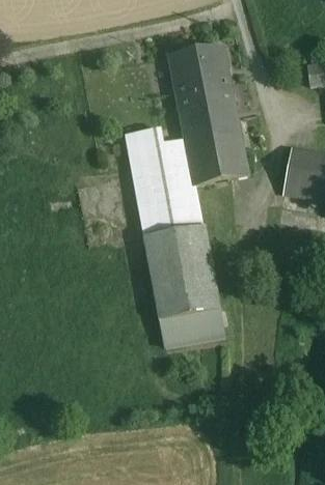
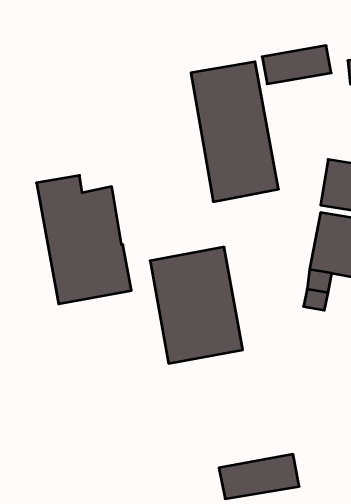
building: [171,44,229,76] -> [262,46,331,84]
building: [123,125,202,233] -> [36,175,131,304]
building: [157,308,224,345] -> [219,454,299,499]

